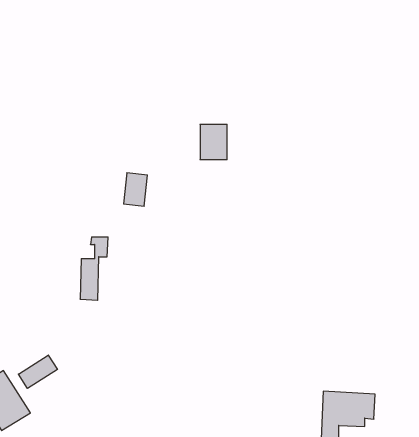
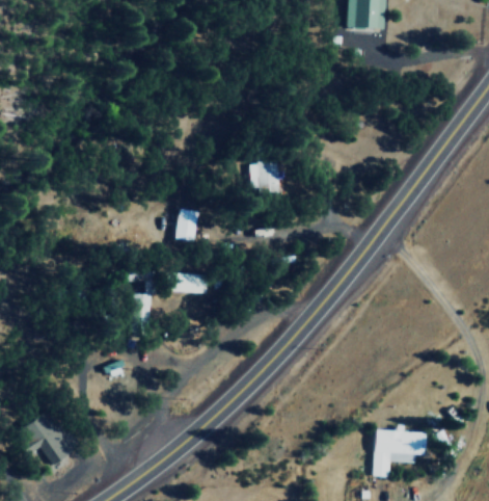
building: none -> [169,273,208,294]
building: [18,355,57,388] -> none

